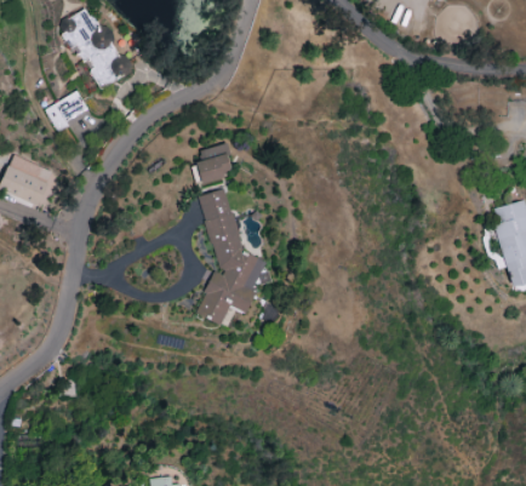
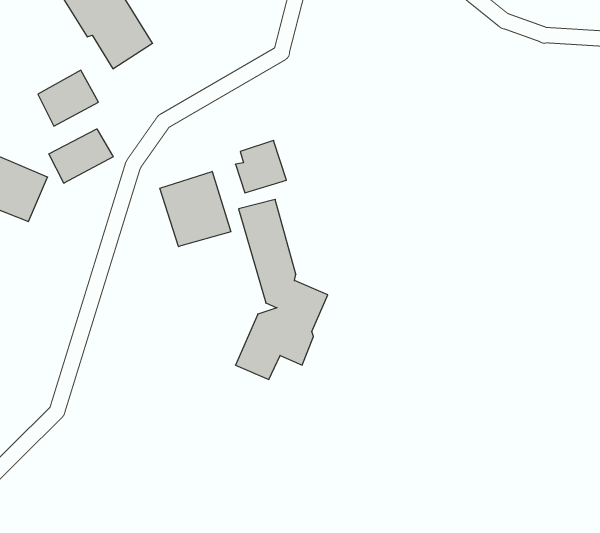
building: none -> [49,129,113,183]
building: none -> [160,171,231,247]

